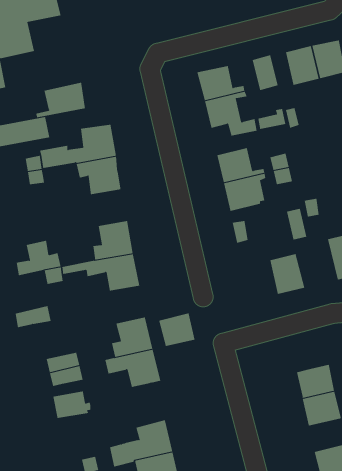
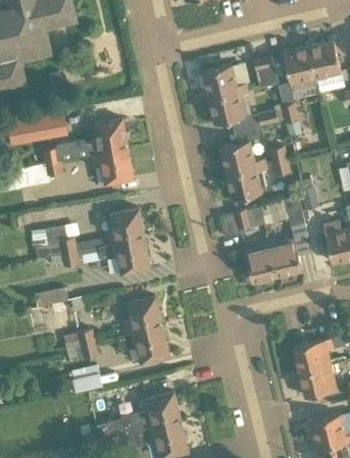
building: [36,82,86,118] -> none
building: none -> [245,246,277,284]
building: [159,312,195,347] -> none

